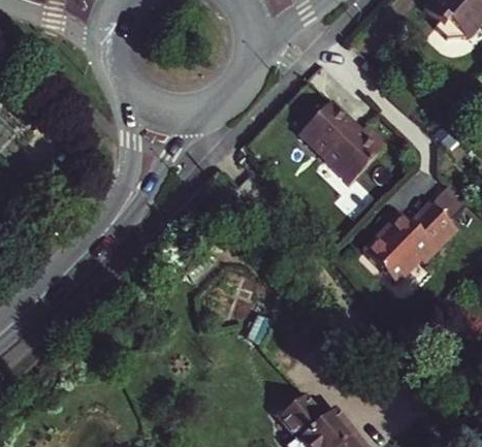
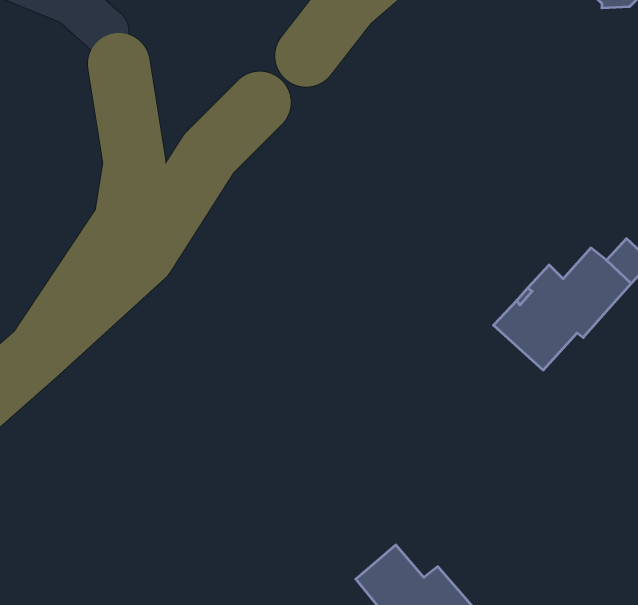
building: [295,104,380,185] -> none

